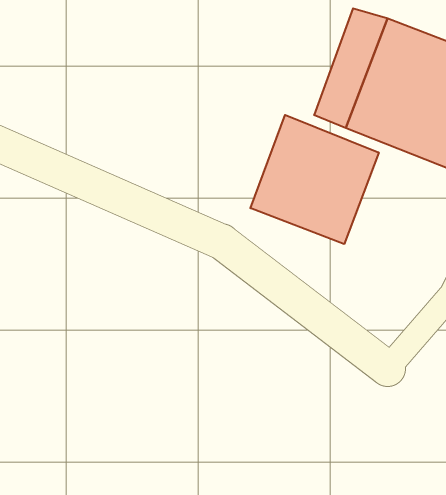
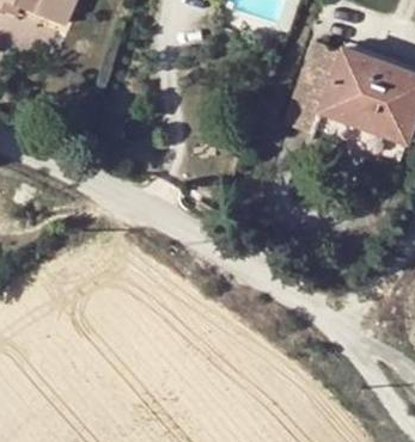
building: [250,115,379,244] -> none

